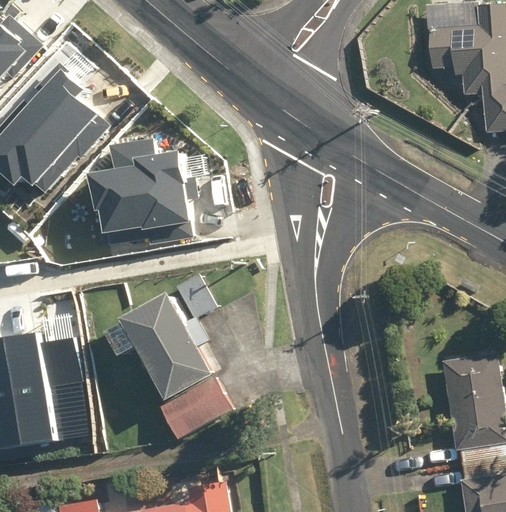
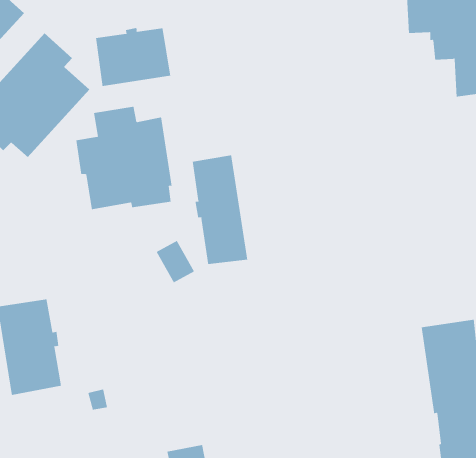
building: none -> [96,27,171,87]
building: none -> [192,154,248,265]
building: [107,292,227,439] -> none

